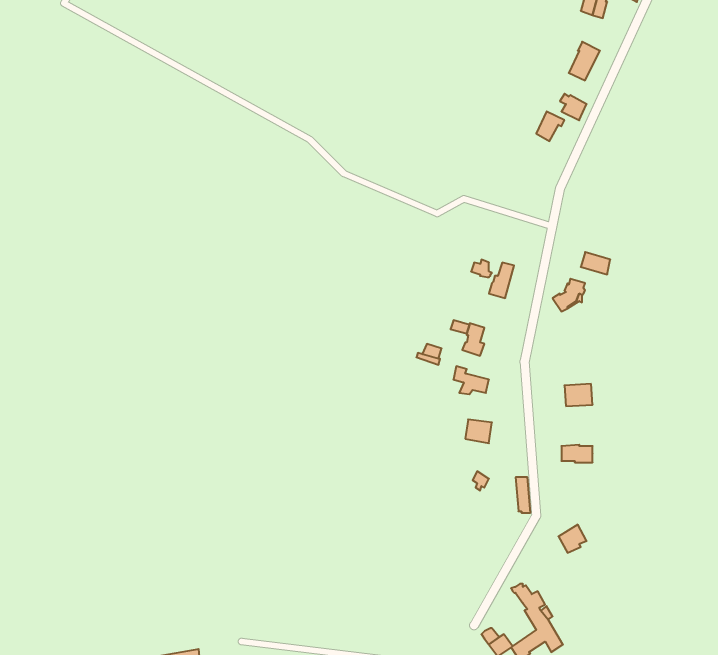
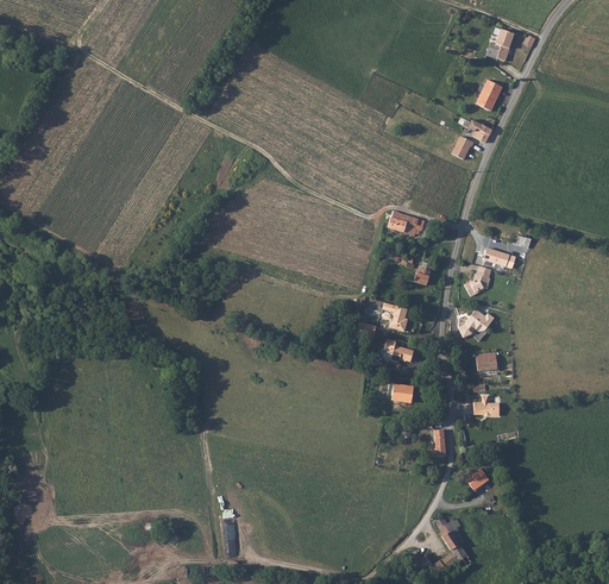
building: none -> [388,209,420,236]
building: none -> [456,309,491,341]

